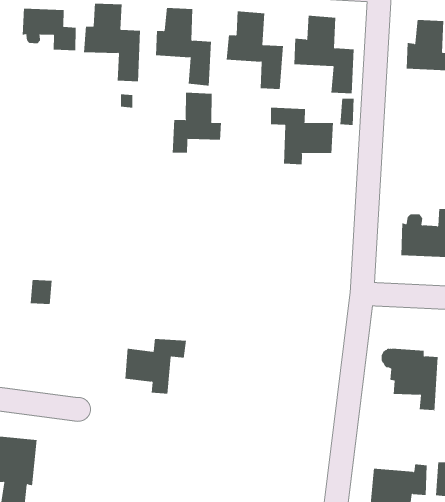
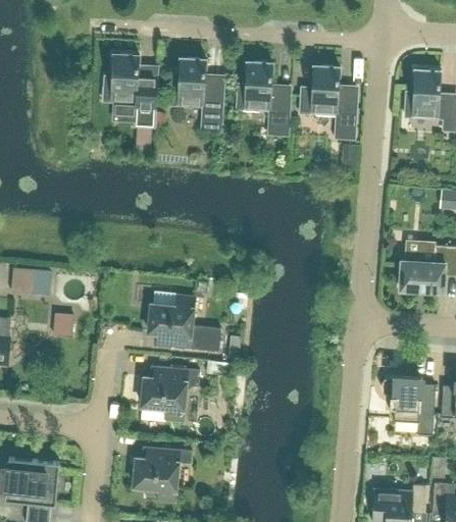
building: [22,8,76,51] -> none
building: [172,92,221,154] -> none
building: [270,107,334,165] -> none
building: none -> [149,296,221,351]
building: none -> [134,448,192,500]

